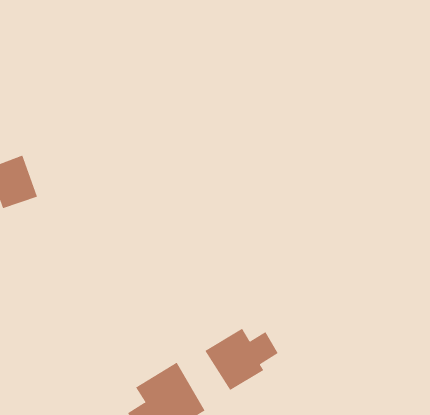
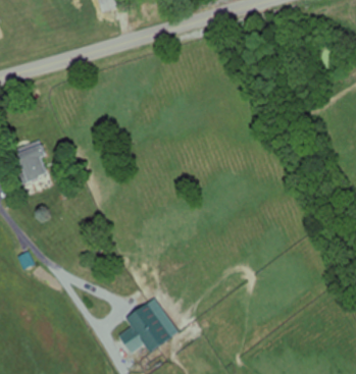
building: [204,328,279,391] -> none

